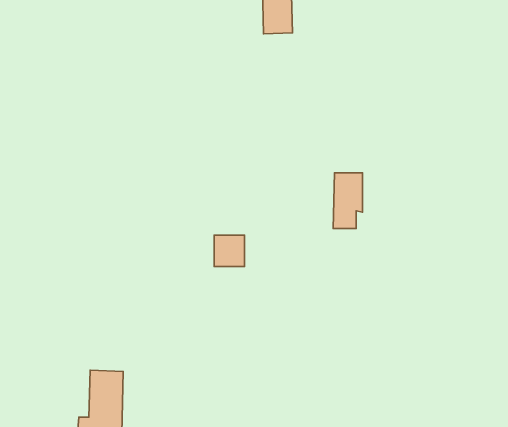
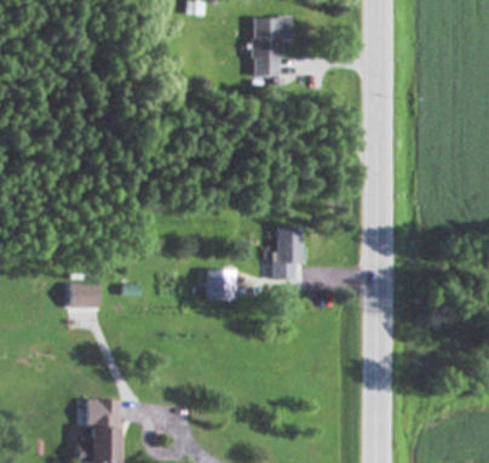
building: [333,173,362,229] -> [274,225,301,279]
building: none -> [70,282,100,308]

